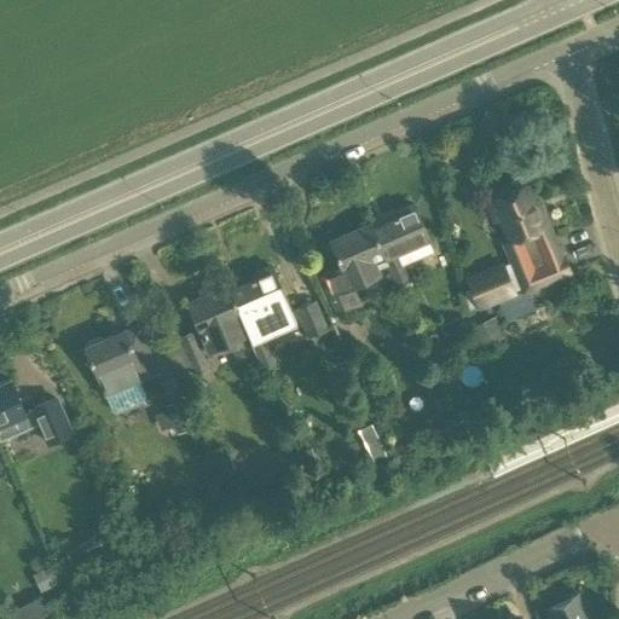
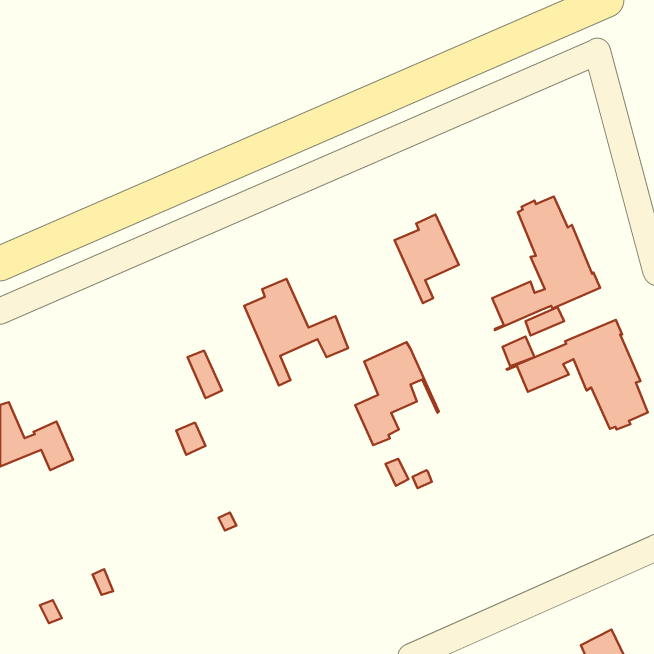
building: [322,222,400,319] -> [355,342,439,445]
building: [185,284,265,366] -> none
building: none -> [506,320,648,429]
building: [85,324,162,413] -> none

